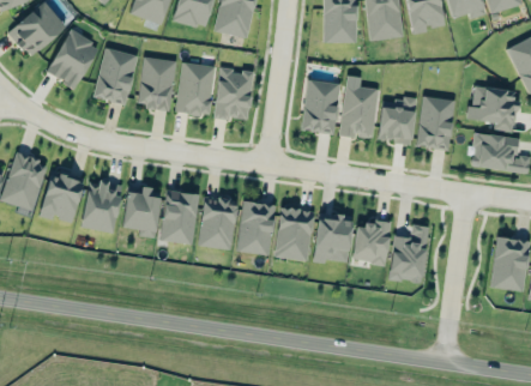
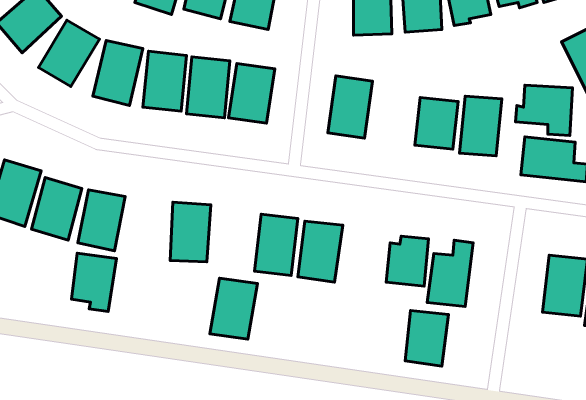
building: [340,85,379,139] -> none
building: [122,187,162,239] -> [72,253,116,312]
building: [197,197,239,251] -> [210,278,257,339]
building: [314,215,352,264] -> [405,310,449,366]

